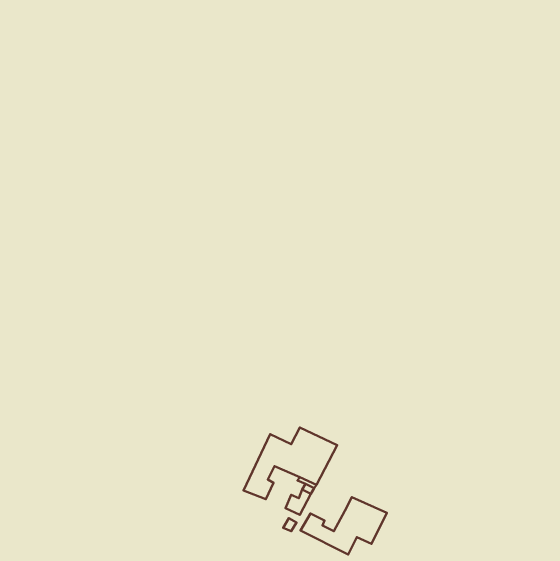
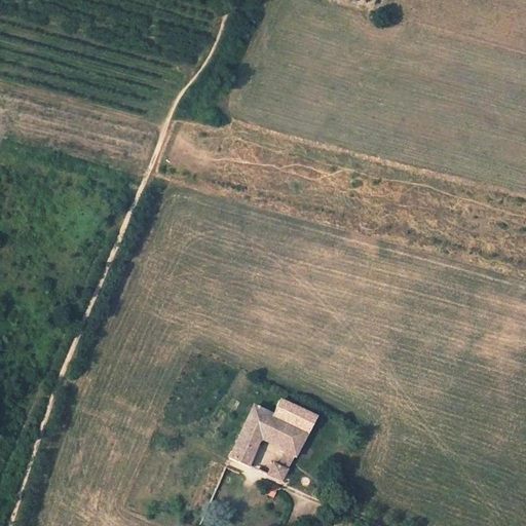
building: [300,497,387,555] -> none

